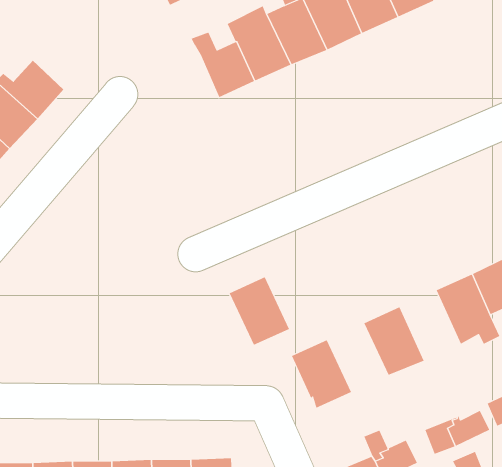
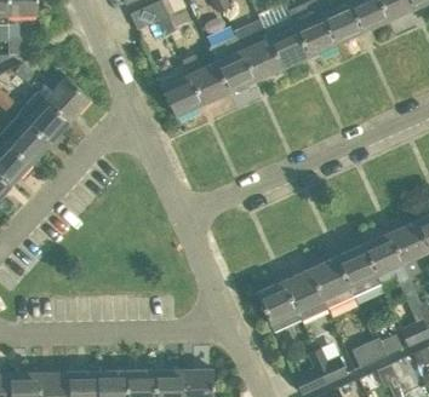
building: none -> [159,65,202,116]
building: [229,277,290,346] -> [282,270,327,321]
building: none -> [336,246,381,298]

